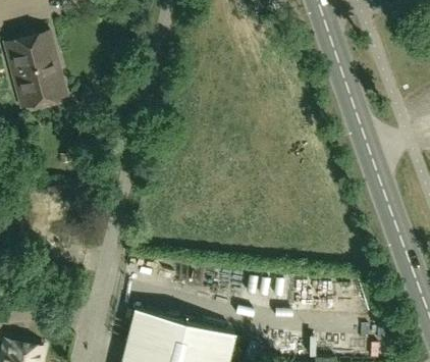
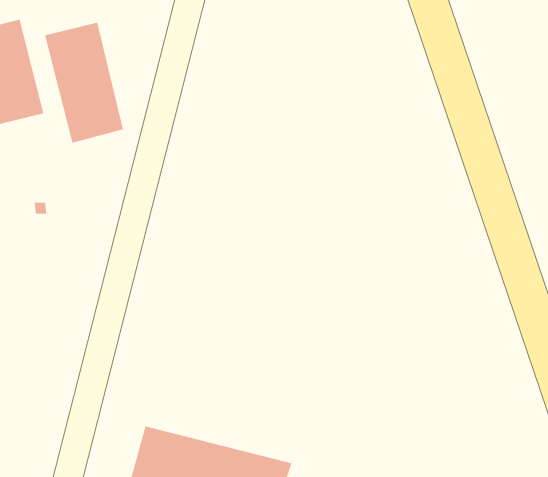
building: none -> [45,22,123,144]

